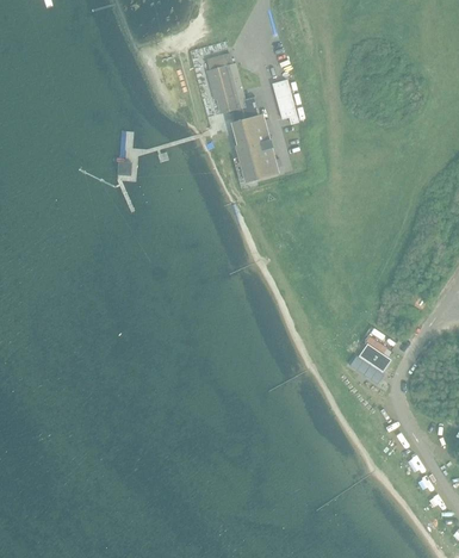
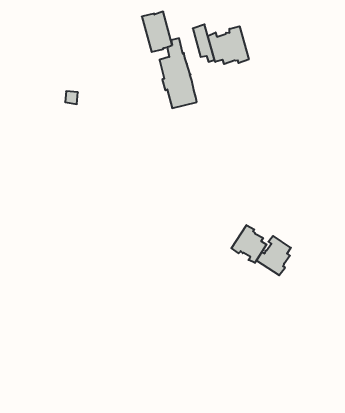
building: none -> [208,26,249,64]
building: none -> [231,225,267,263]

